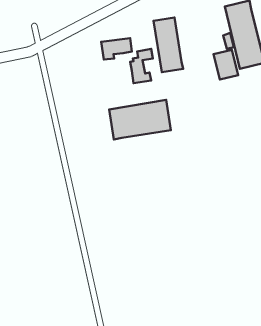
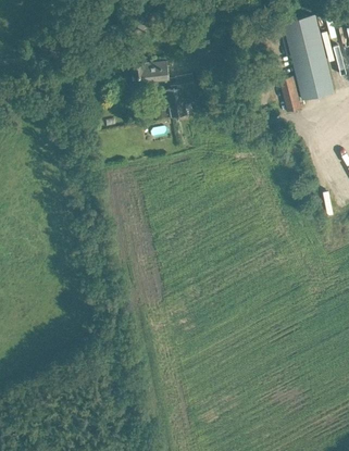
building: [153,18,183,72] -> none
building: [109,100,171,140] -> none

